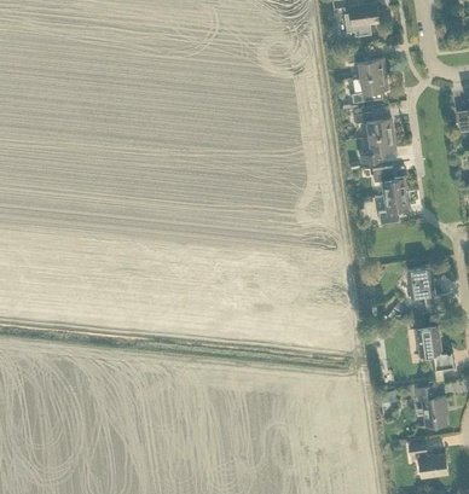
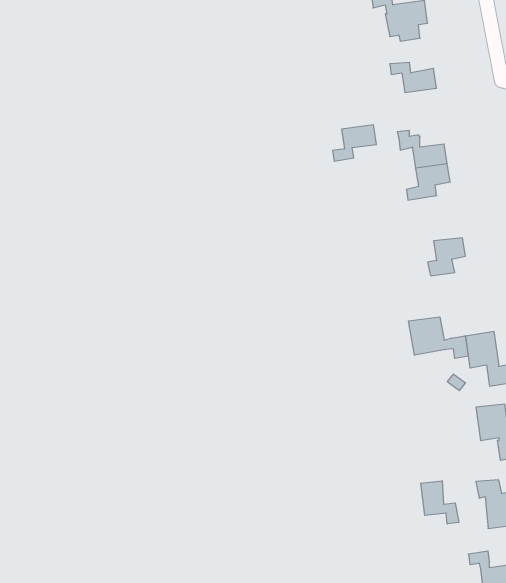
building: [352,75,387,104] -> [333,125,376,161]
building: [371,169,405,197] -> none
building: none -> [408,317,468,358]
building: none -> [421,481,459,524]

